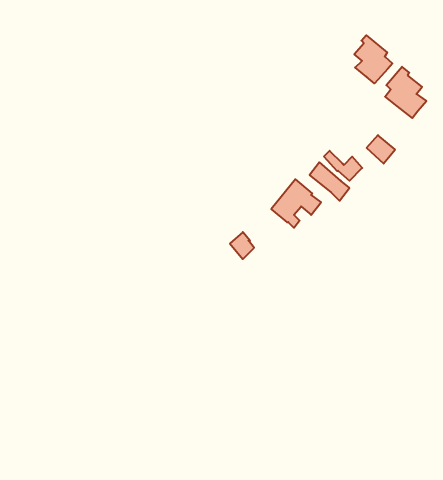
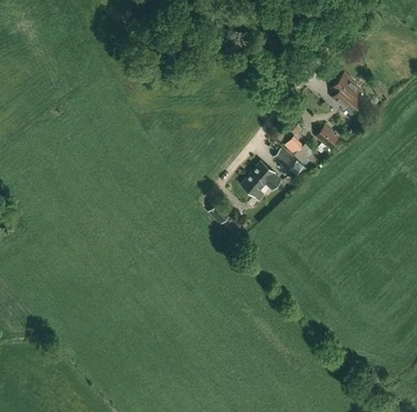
building: [354,35,392,83] -> none

